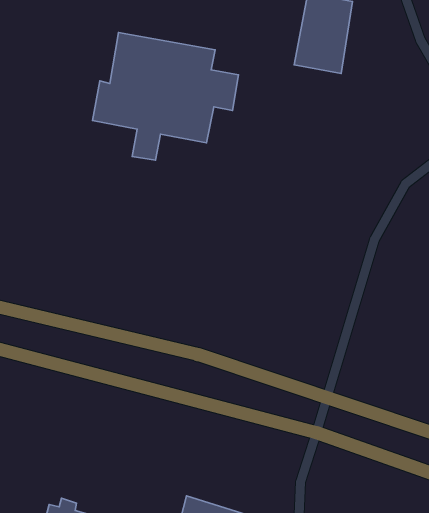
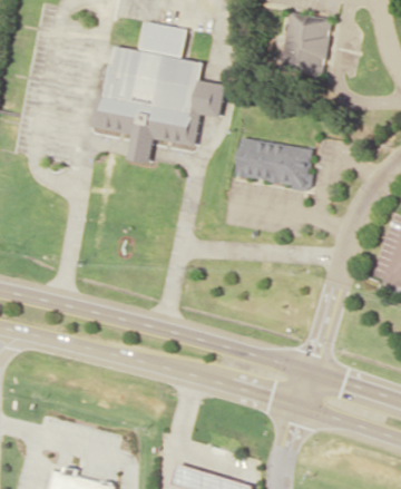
building: none -> [143,21,189,56]
building: none -> [234,137,313,188]

